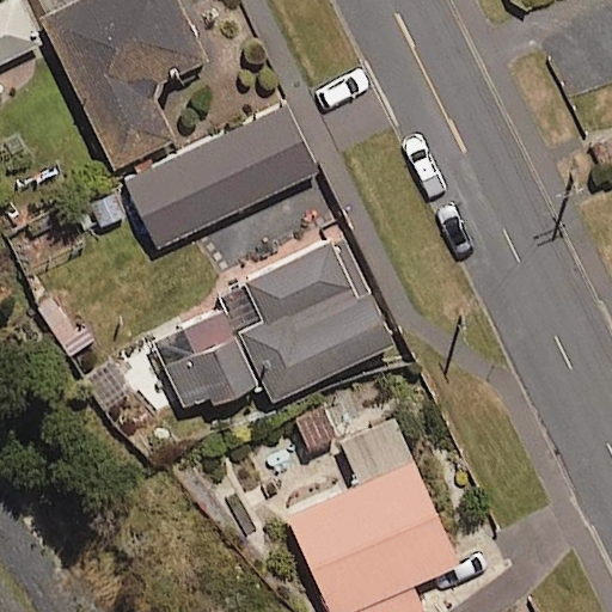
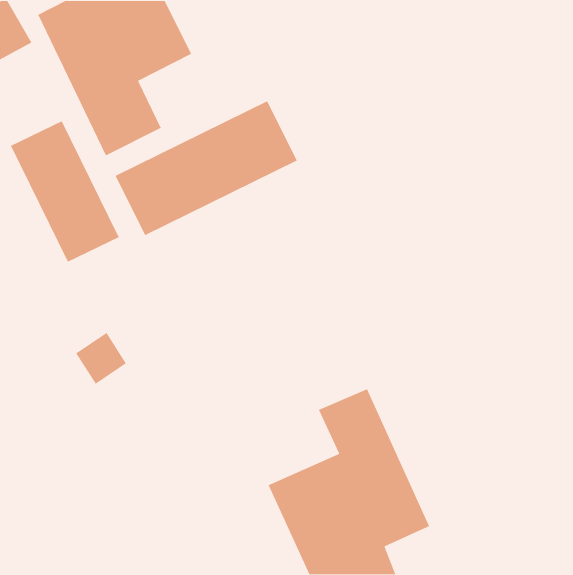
building: none -> [10,120,120,263]
building: [152,235,396,416] -> none

